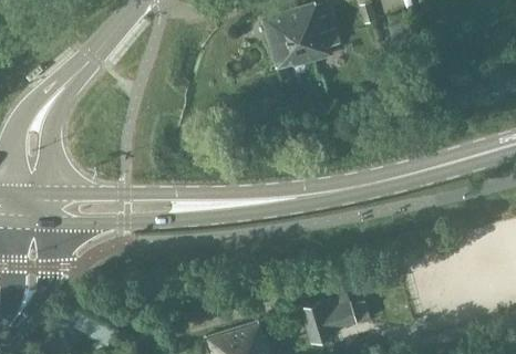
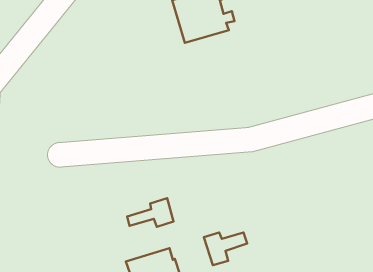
building: none -> [127,198,174,227]

